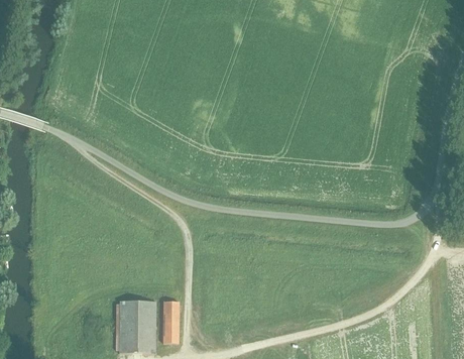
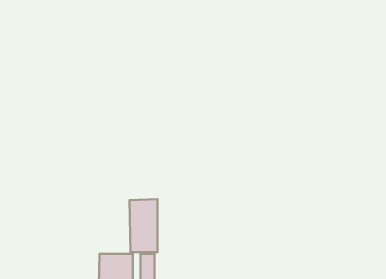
building: none -> [130,199,157,252]

